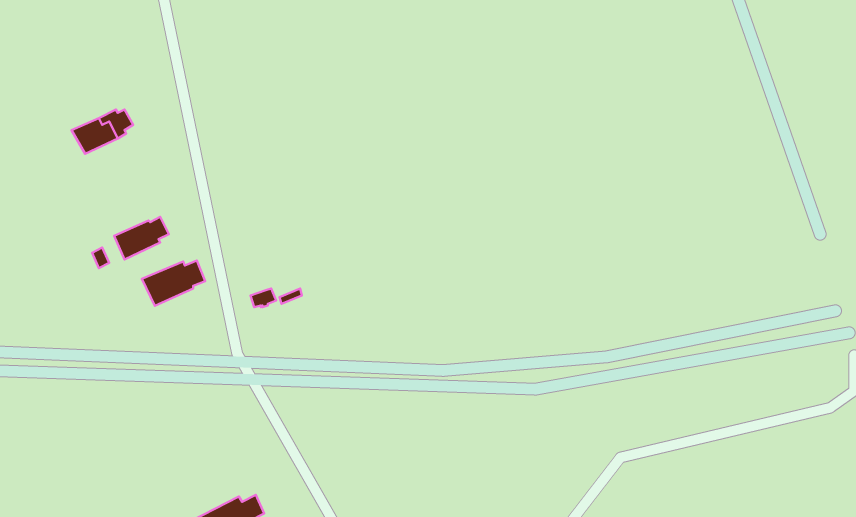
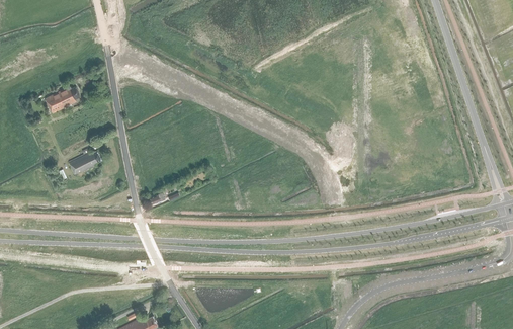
building: [142,261,205,306] -> none

